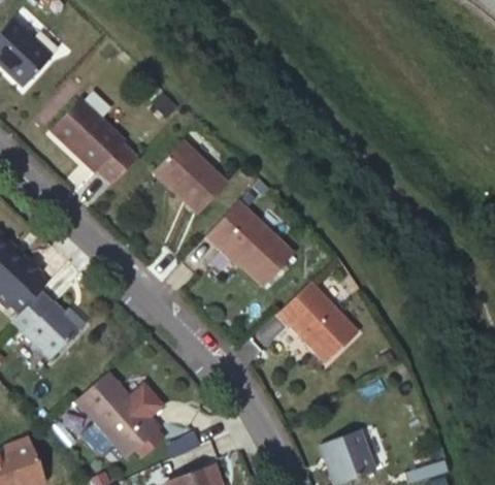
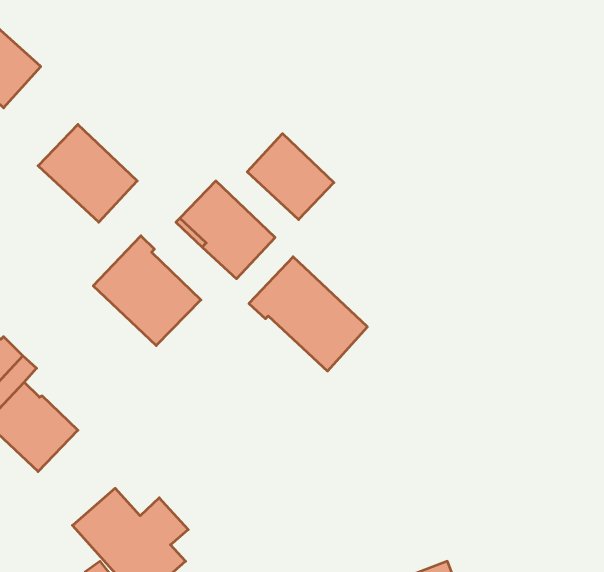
building: none -> [247,134,334,220]
building: none -> [93,236,201,346]
building: [276,283,359,363] -> none

